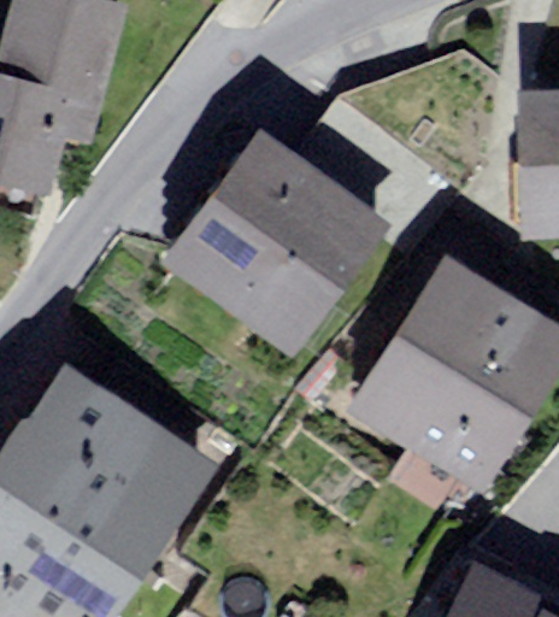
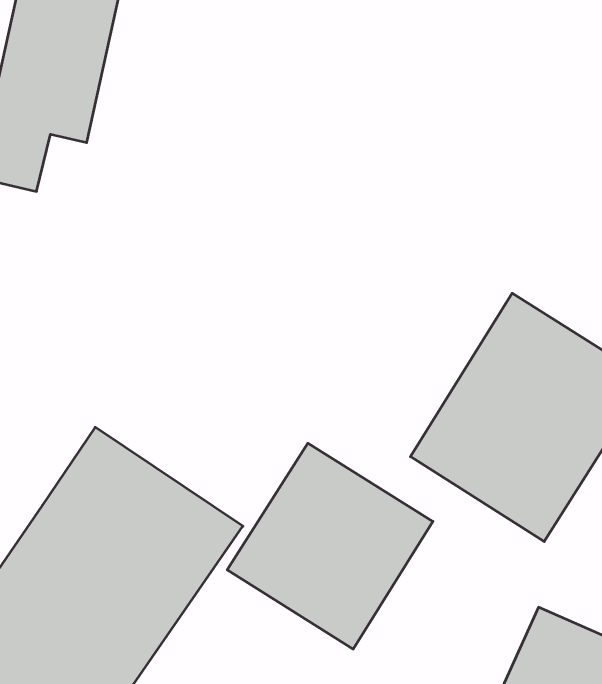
building: [177,137,373,335] -> none
building: none -> [227,443,433,649]

